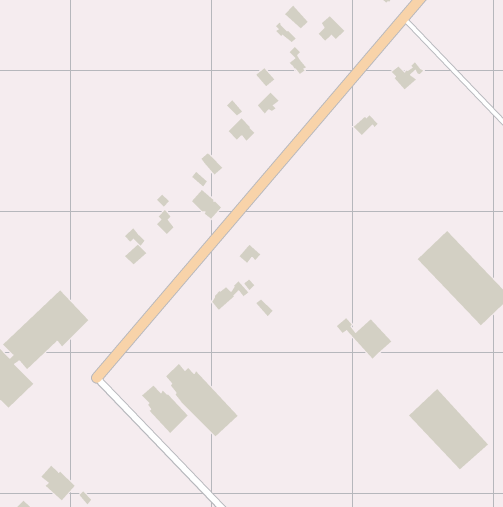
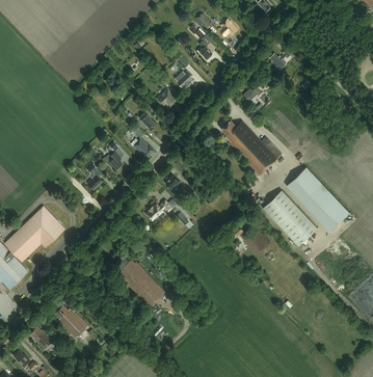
building: none -> [221,120,282,178]
building: [141,385,188,434] -> [55,305,87,339]
building: [408,388,489,470] -> [264,190,319,246]

